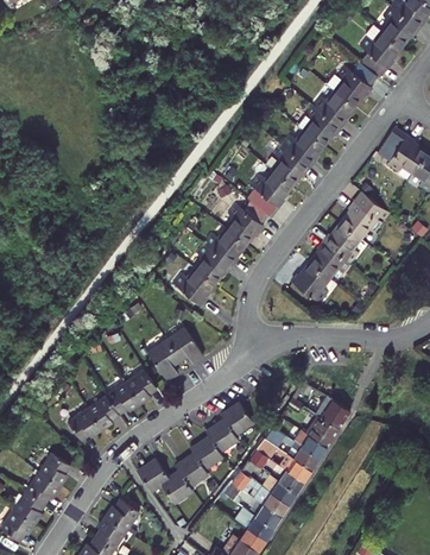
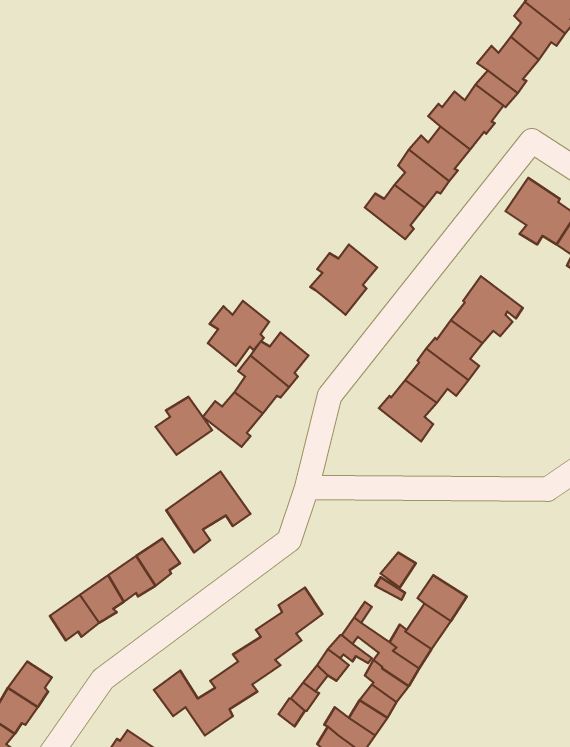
building: [271,147,309,188] -> none
building: [225,203,266,247] -> [208,301,269,366]
building: none -> [155,397,212,455]

